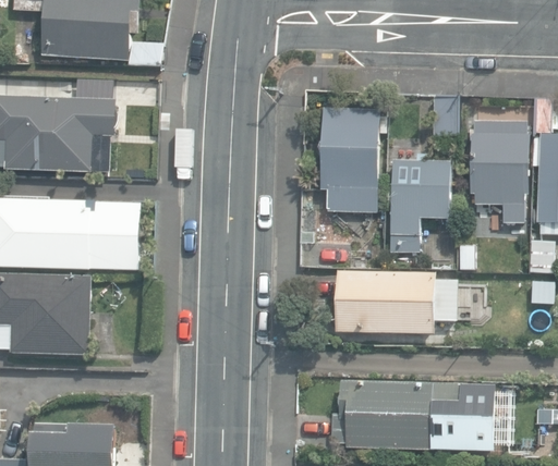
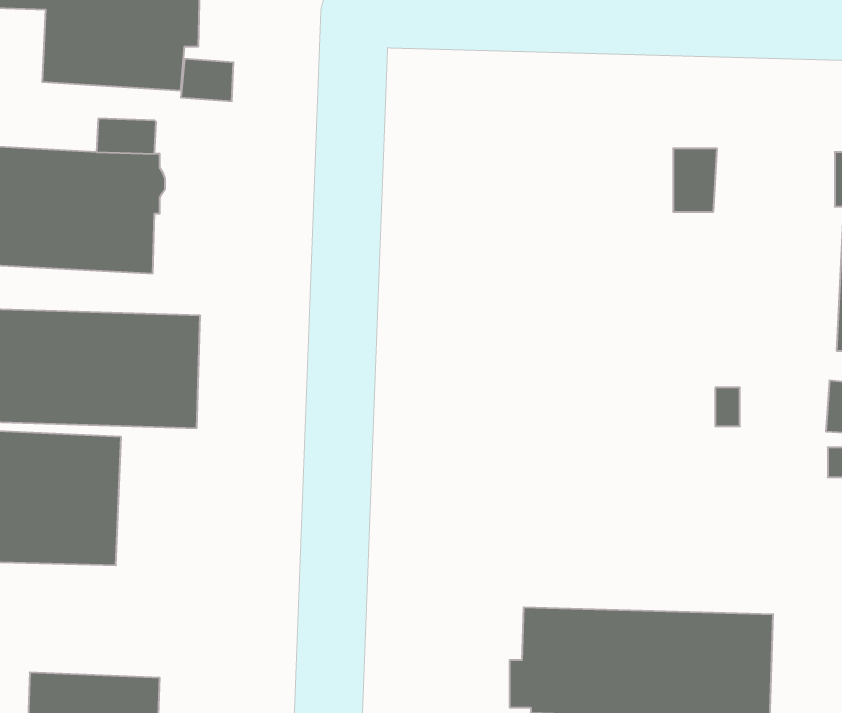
building: [322,110,378,212] -> none
building: [469,120,529,223] -> none
building: [388,155,451,253] -> none
building: [333,269,460,333] -> none

